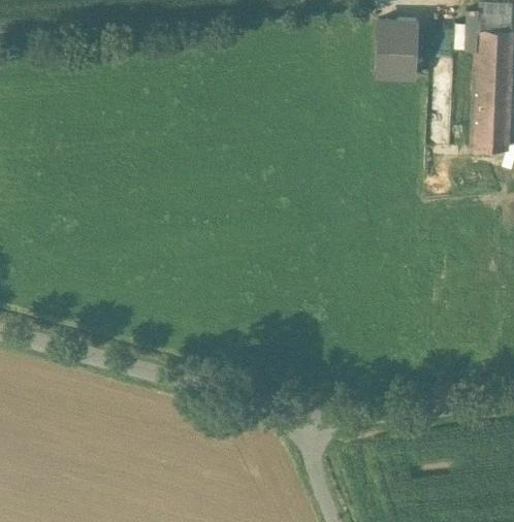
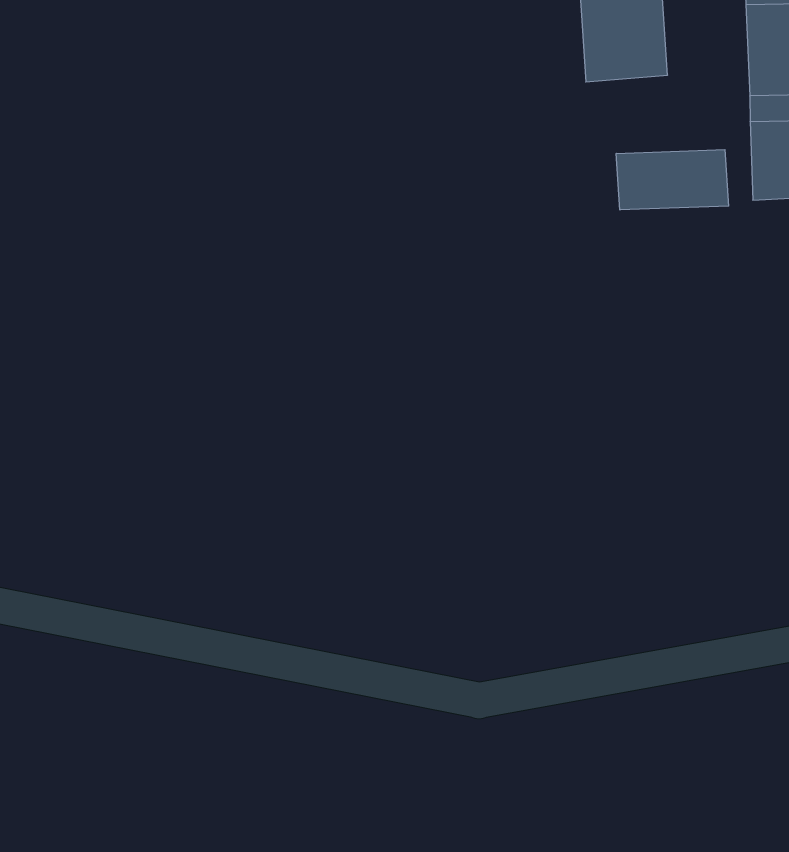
building: none -> [616,150,729,210]

